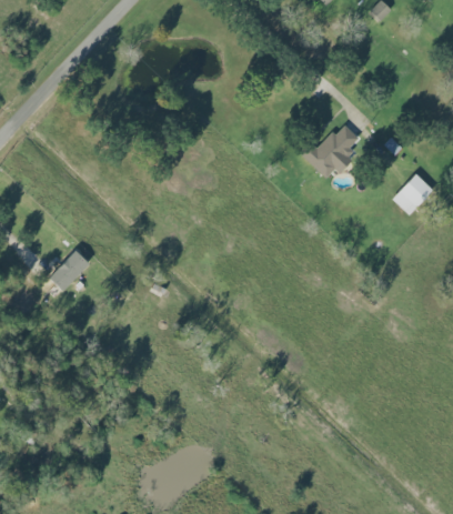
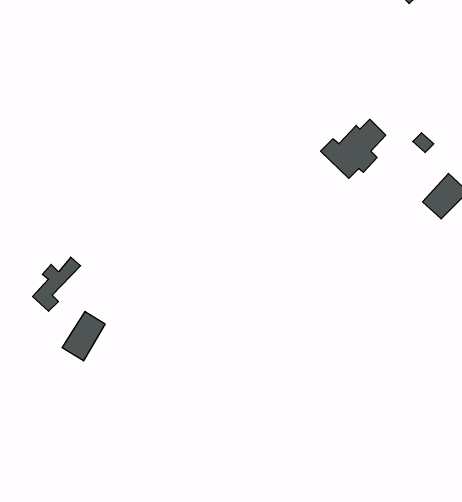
building: none -> [62,311,105,361]

